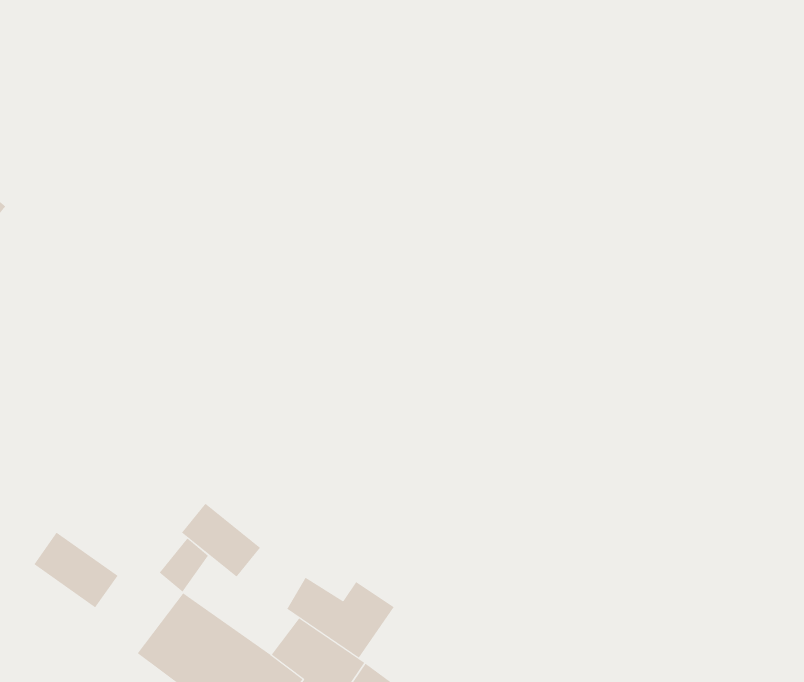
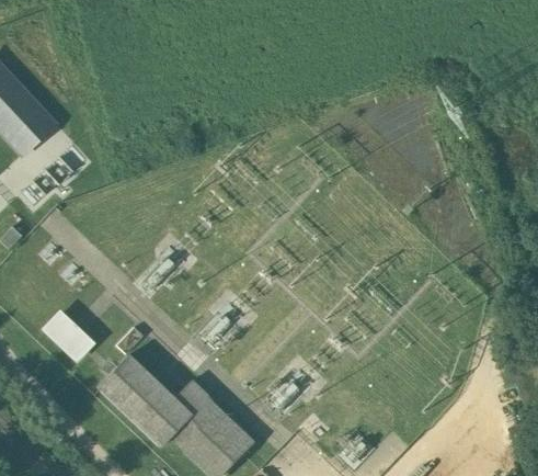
building: [181,503,261,578] -> none
building: [287,577,395,659] -> none

